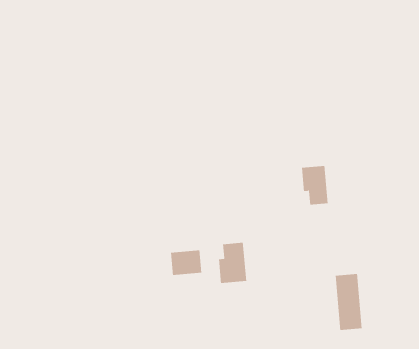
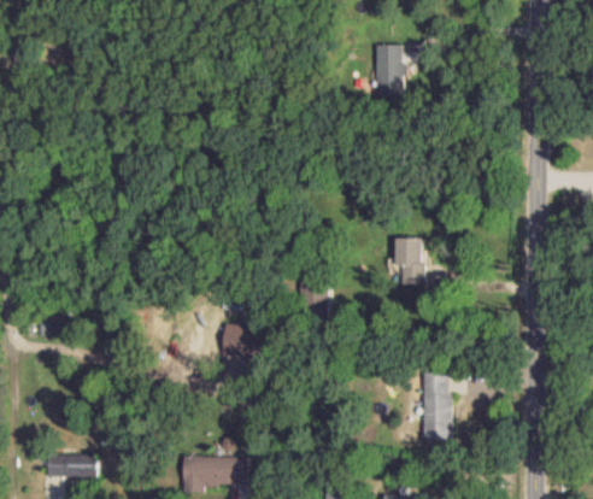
building: none -> [375,46,404,98]
building: [218,242,247,284] -> none

